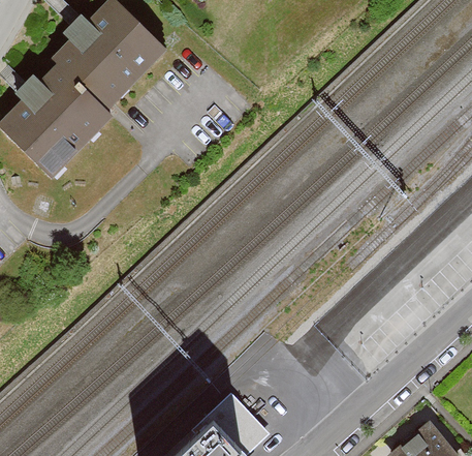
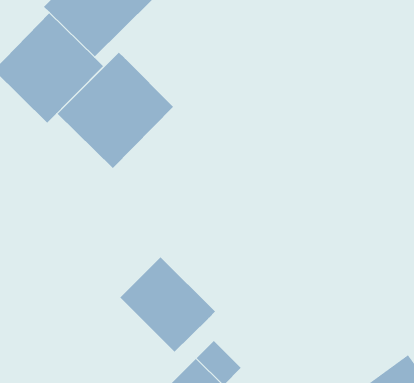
building: none -> [57,52,174,169]
building: none -> [119,256,216,353]

